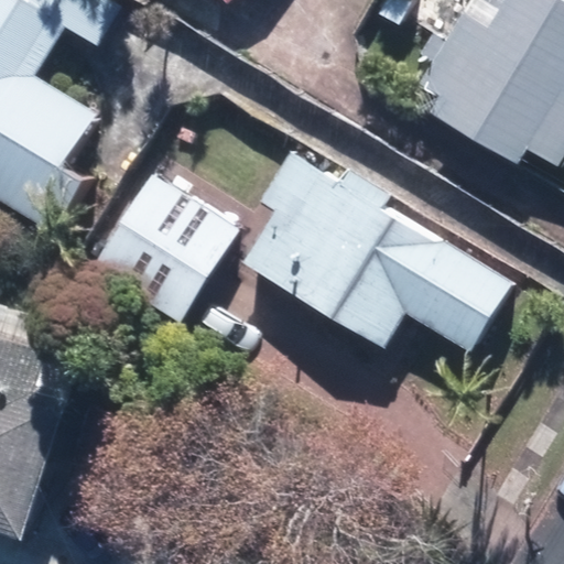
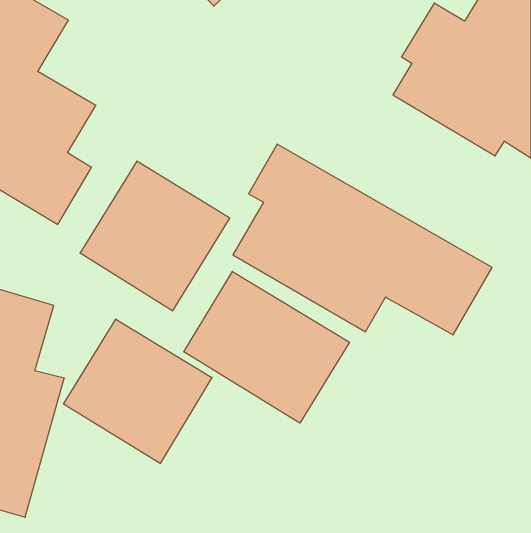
building: none -> [184,271,349,423]
building: none -> [64,319,212,463]

